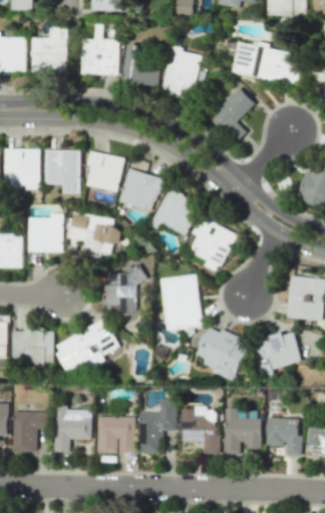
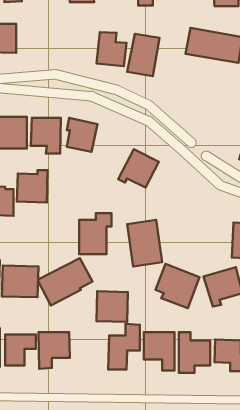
building: [31,27,68,72] -> none
building: [81,38,119,74] -> none
building: [209,87,255,143] -> none
building: [119,167,162,210] -> none
building: [67,211,122,255] -> none
building: [190,215,236,272] -> none
building: [97,416,135,453] -> [96,291,128,322]

